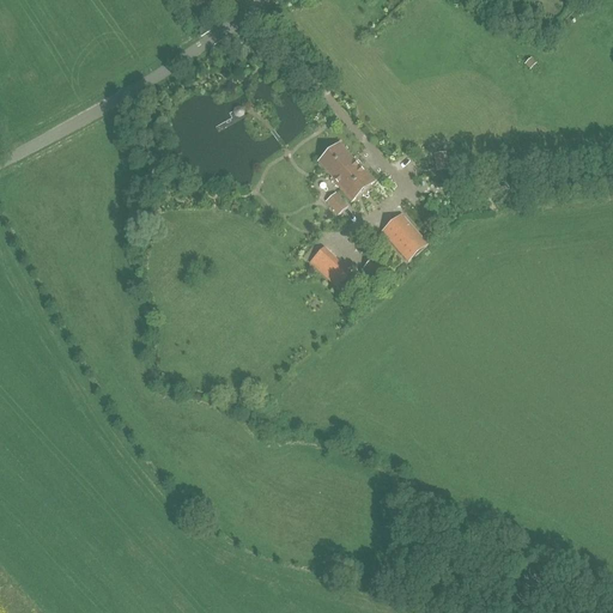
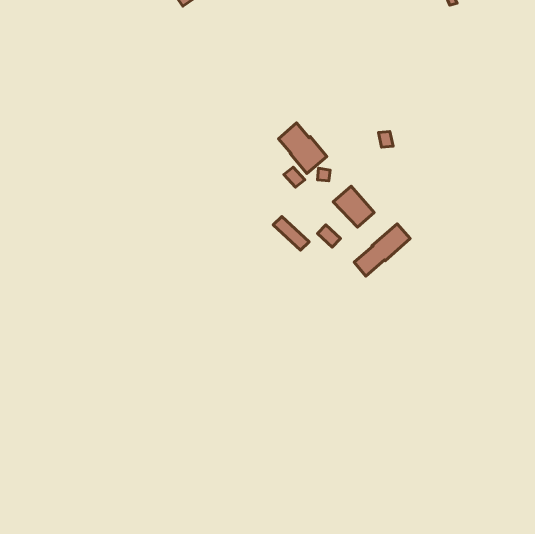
building: none -> [354,224,410,276]

